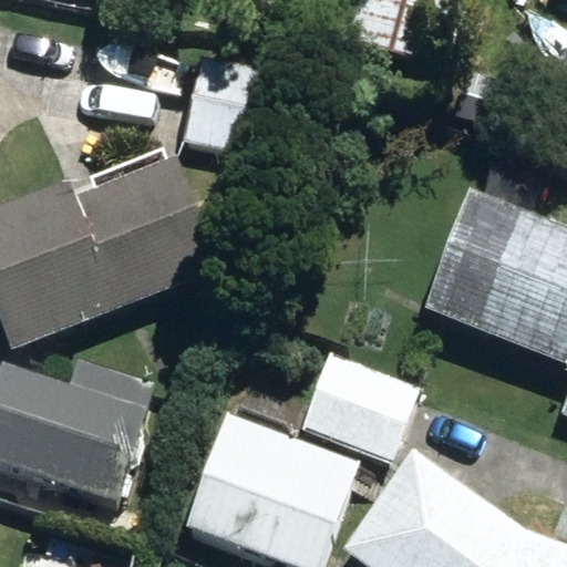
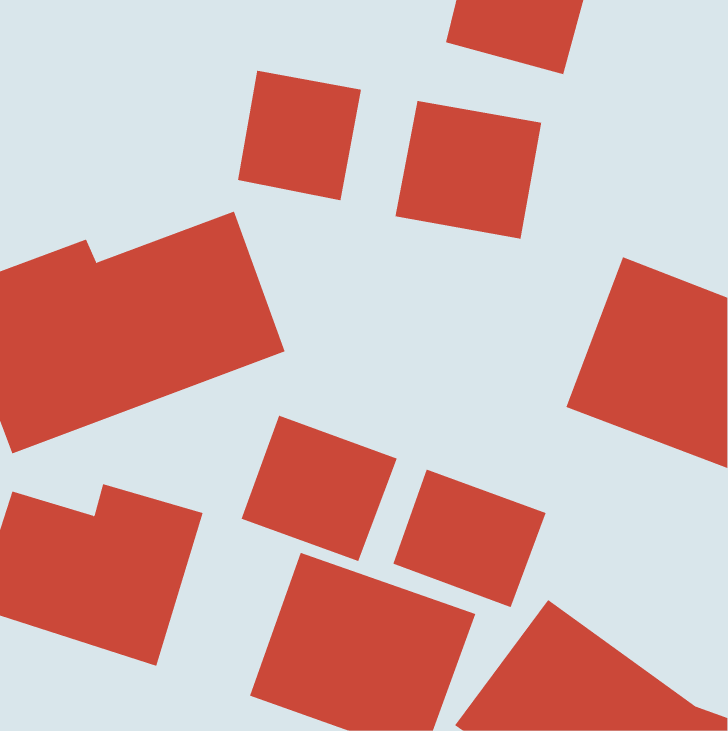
building: none -> [395,100,542,240]
building: none -> [241,415,398,562]

